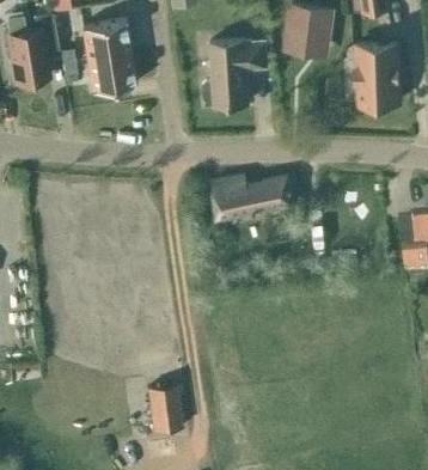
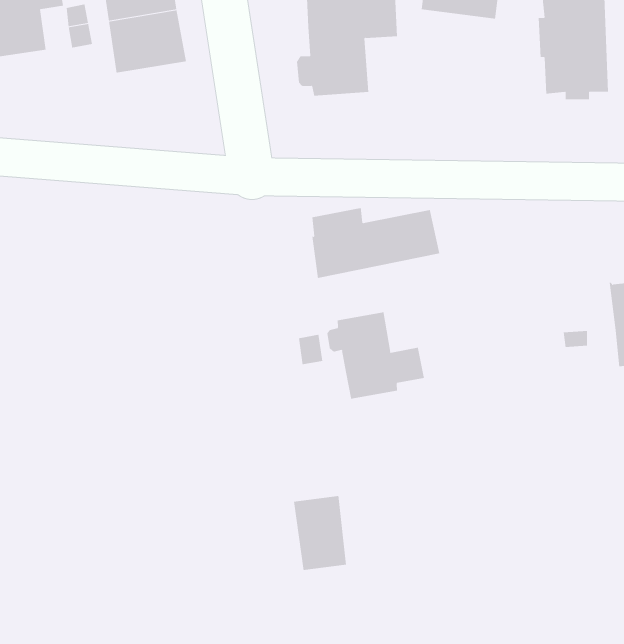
building: none -> [327,311,425,400]
building: [147,384,181,431] -> [293,496,347,570]

